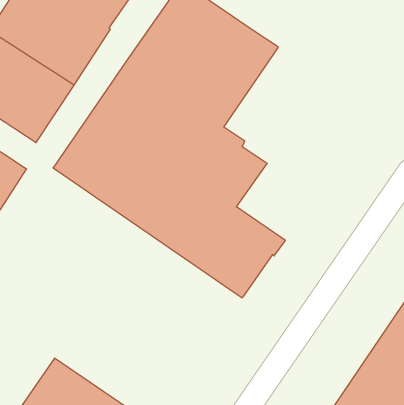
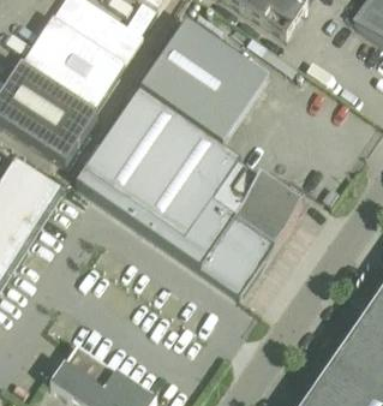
building: none -> [233,178,300,244]

